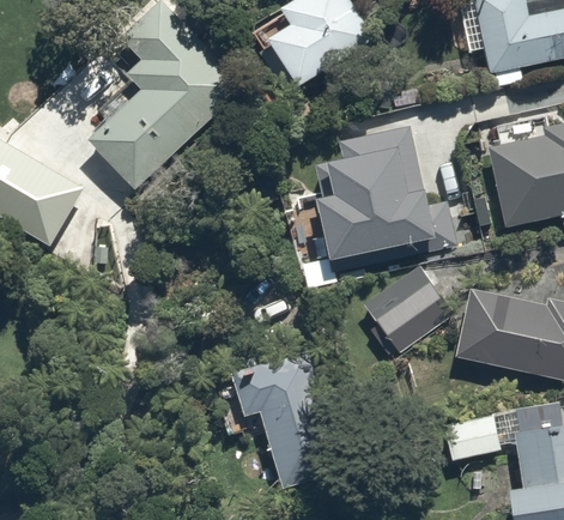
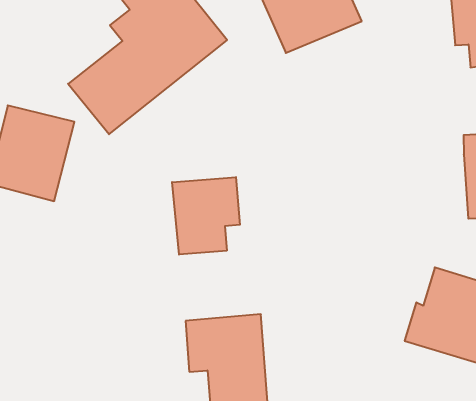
building: [315,127,456,277] -> none
building: none -> [172,177,240,255]
building: [357,266,454,361] -> none

